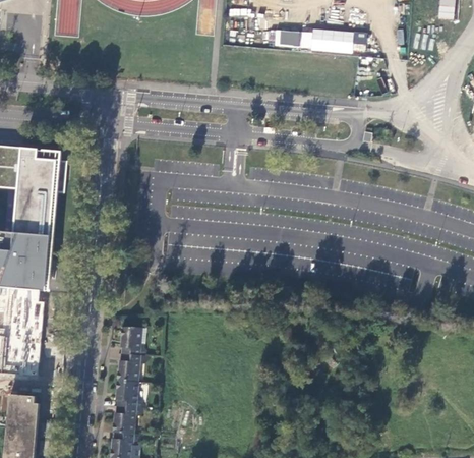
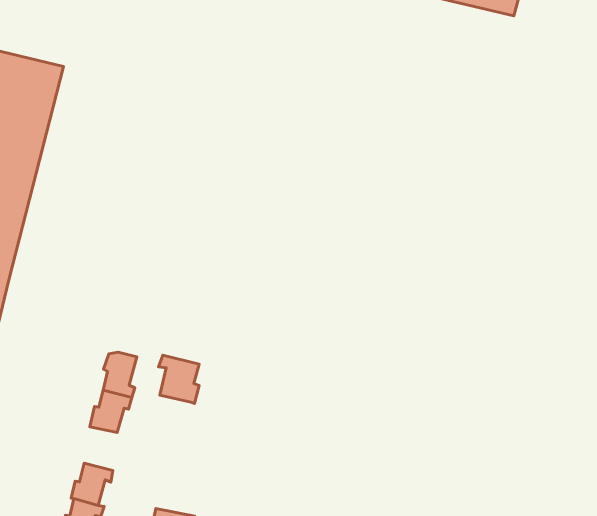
building: none -> [158,355,199,403]
building: [115,381,138,408] -> none

